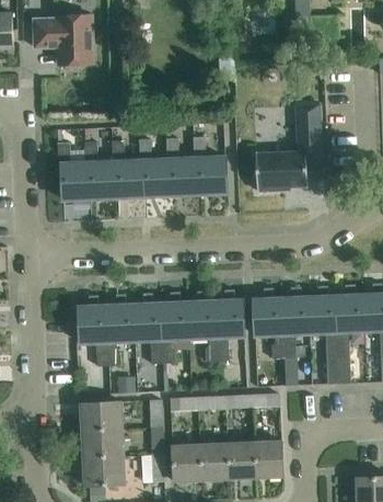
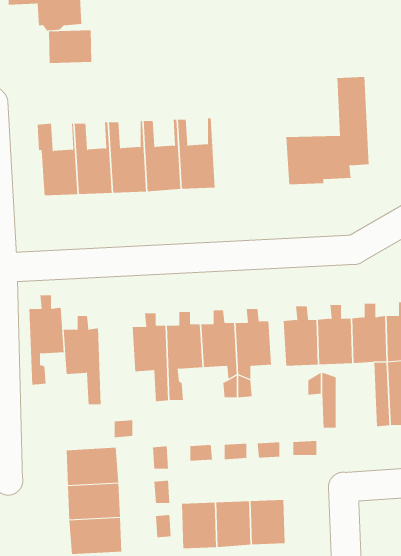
building: none -> [48,30,92,64]
building: [196,137,227,193] -> none
building: [106,294,135,366] -> [29,295,64,385]
building: [254,440,283,477] -> none

